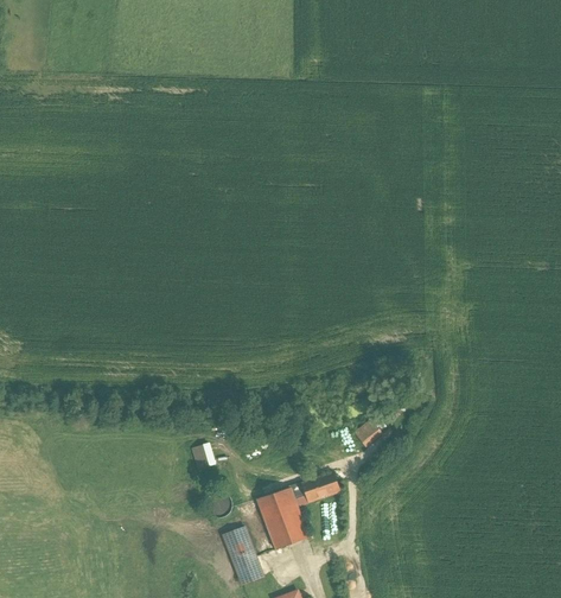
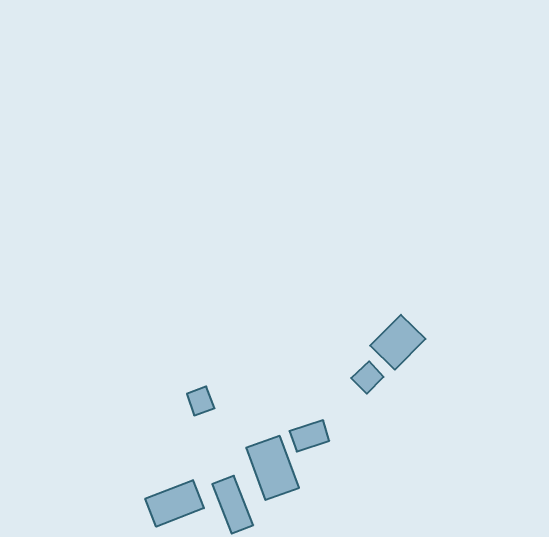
building: none -> [370,315,426,370]
building: none -> [145,480,204,527]

